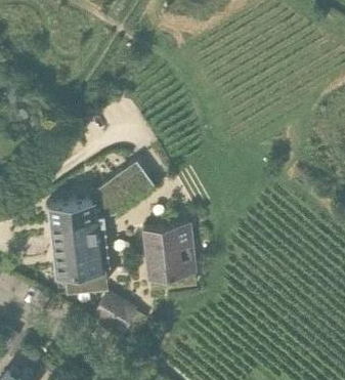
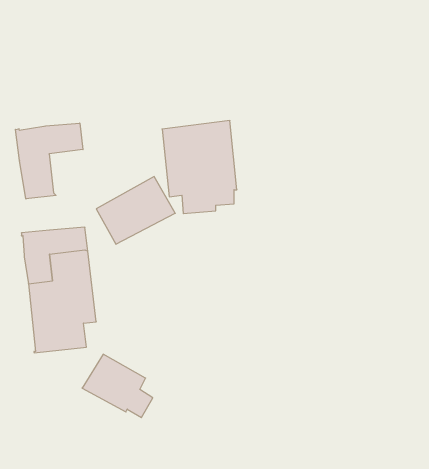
building: none -> [15,123,83,199]
building: [142,220,197,288] -> [162,121,237,214]

